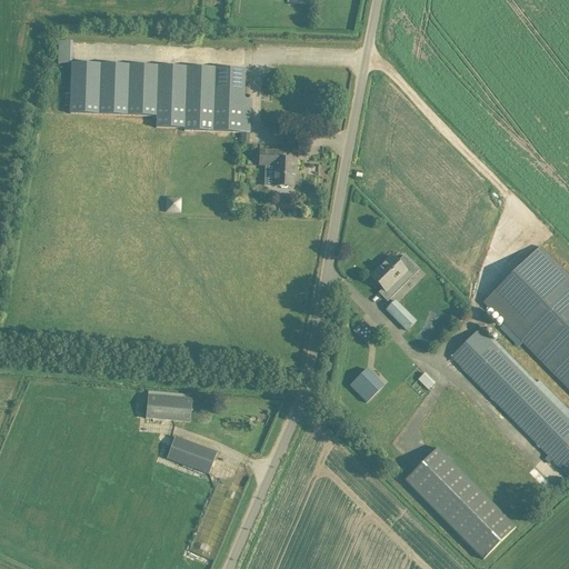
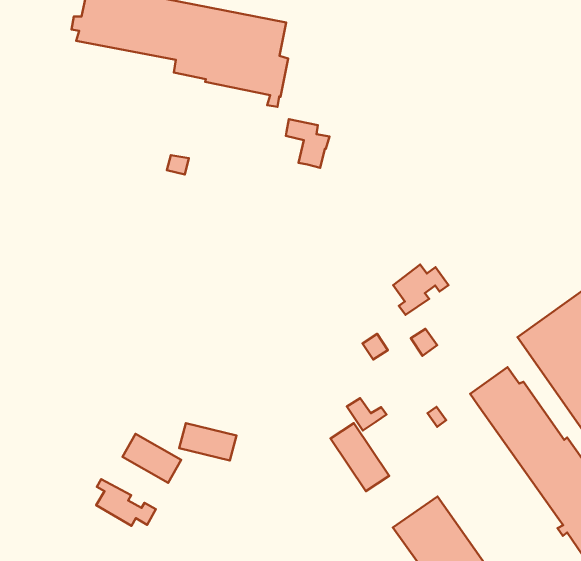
building: [146,395,192,420] -> [179,423,237,461]
building: none -> [331,423,389,491]
building: none -> [96,479,156,526]

